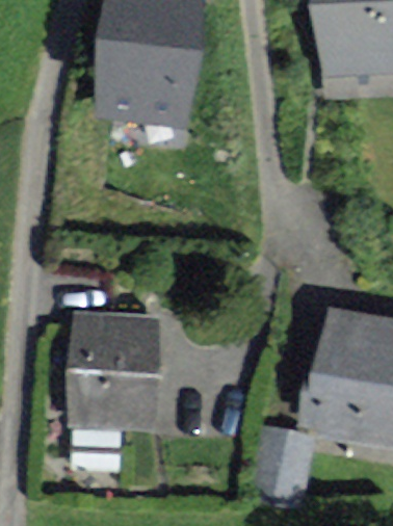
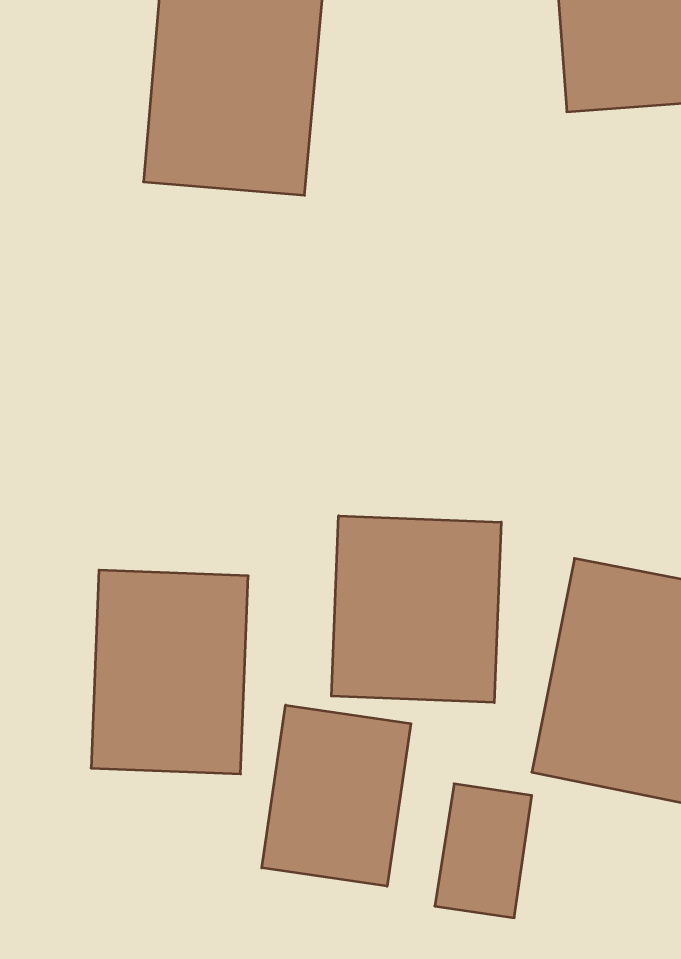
building: none -> [331,516,501,703]
building: none -> [262,705,411,886]

